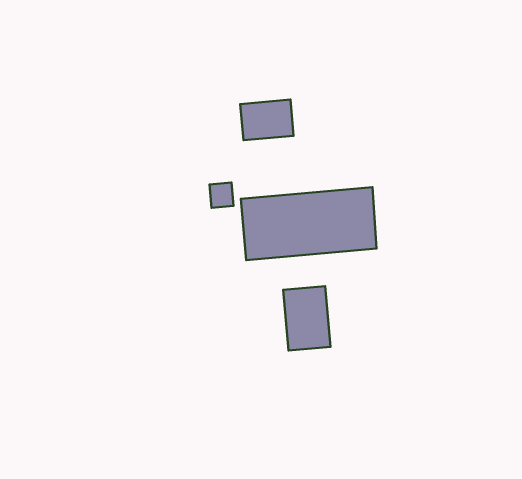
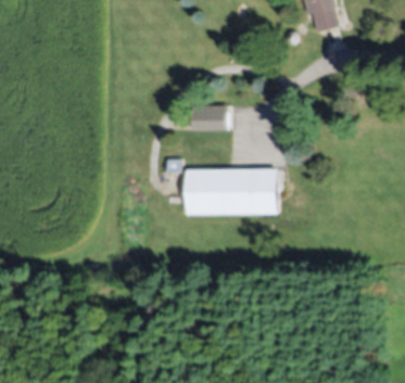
building: [283,286,330,351] -> none

